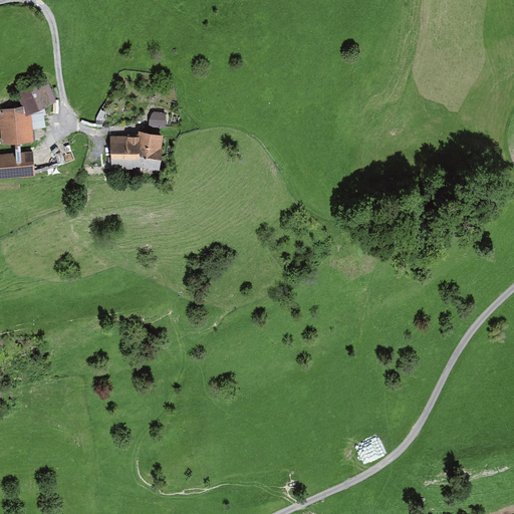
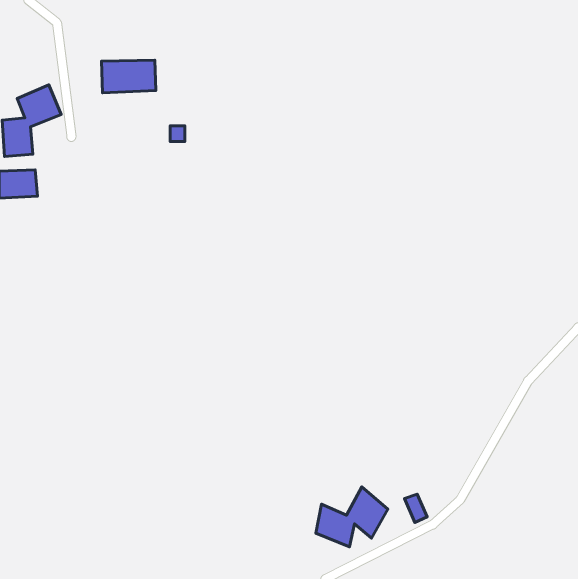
building: [110,138,159,167] -> [101,60,156,93]
building: none -> [316,487,388,547]

